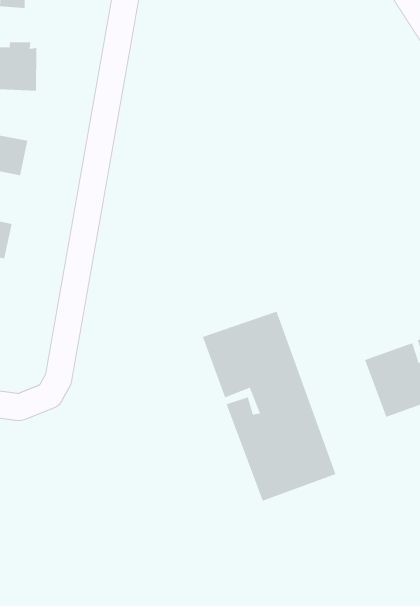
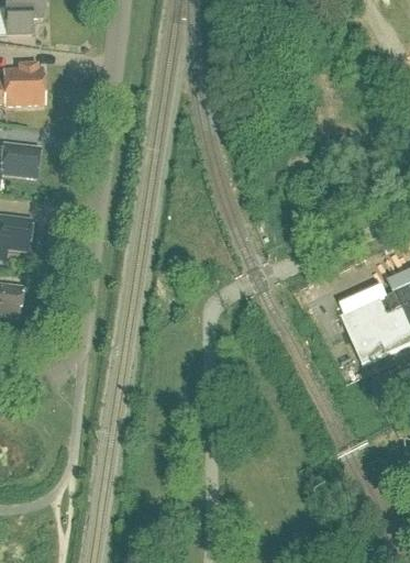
building: [202,311,336,502] -> none

